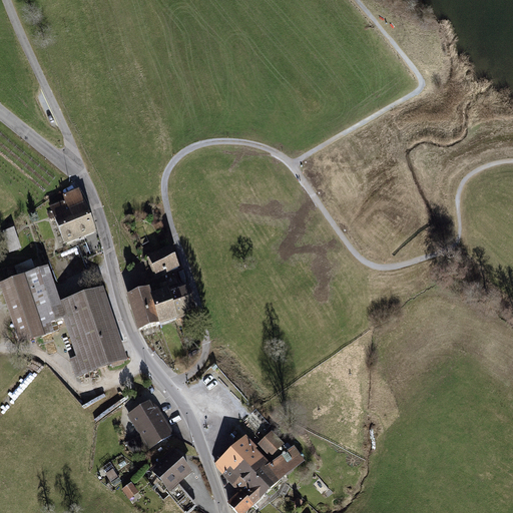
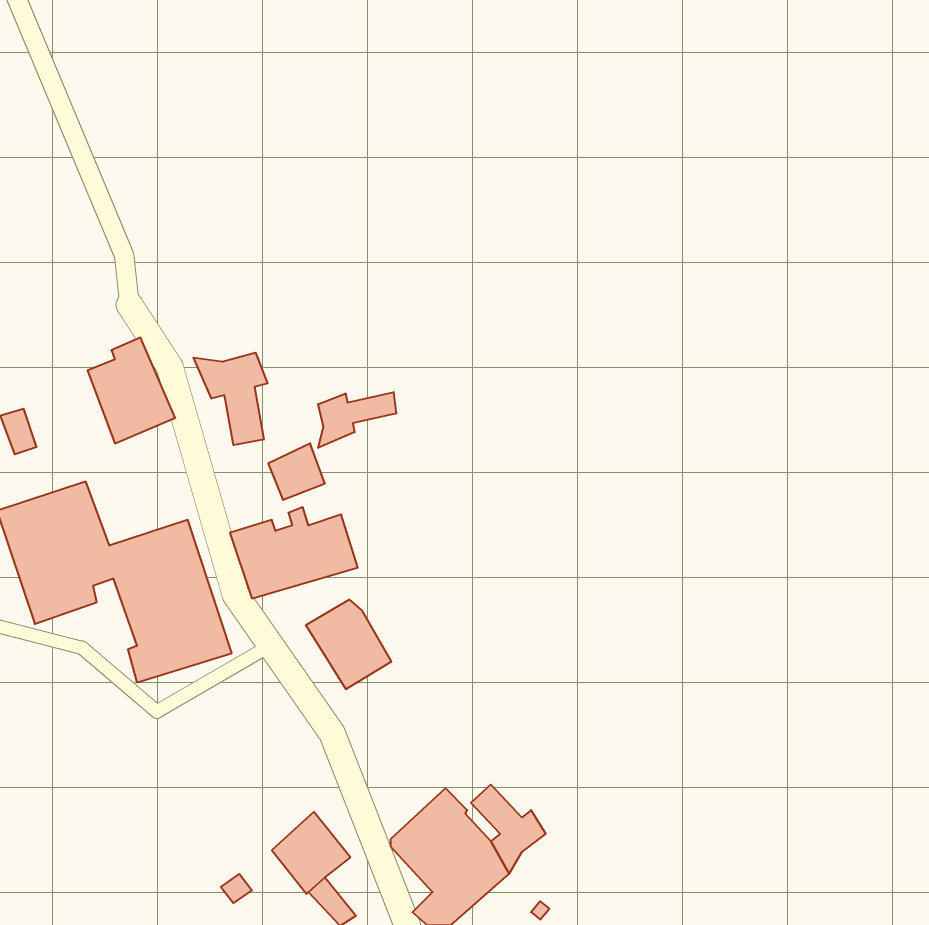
building: none -> [193,353,268,445]
building: none -> [318,392,396,448]
building: [125,398,172,447] -> [306,600,391,689]

